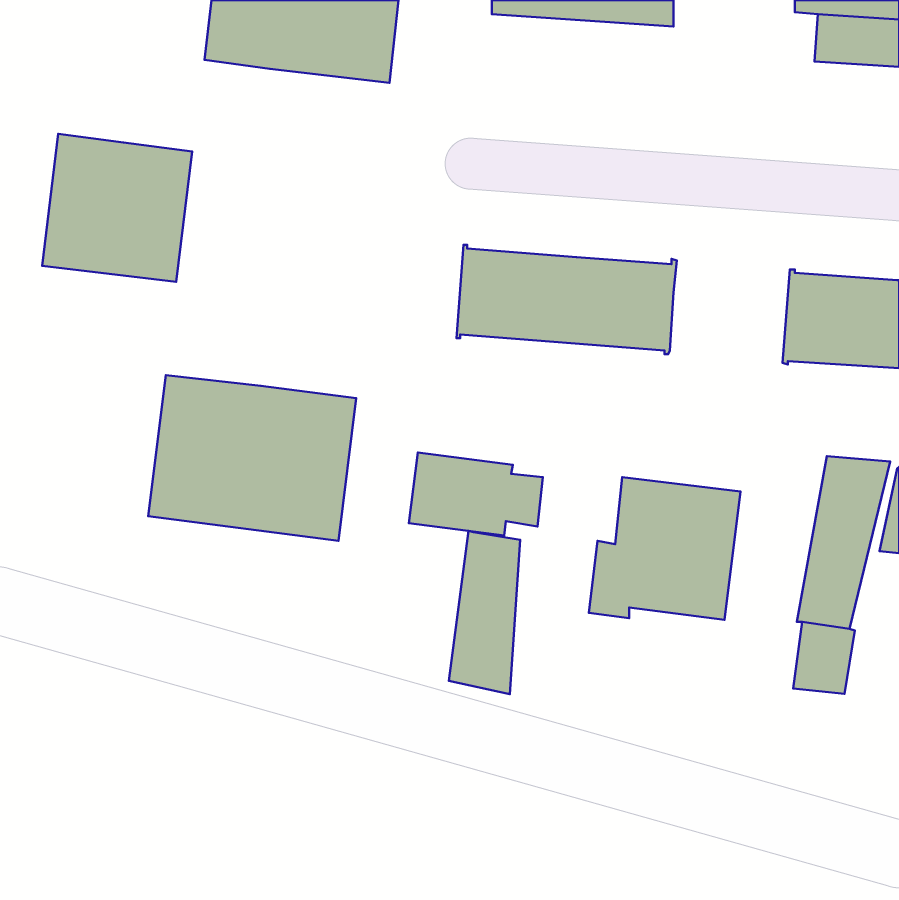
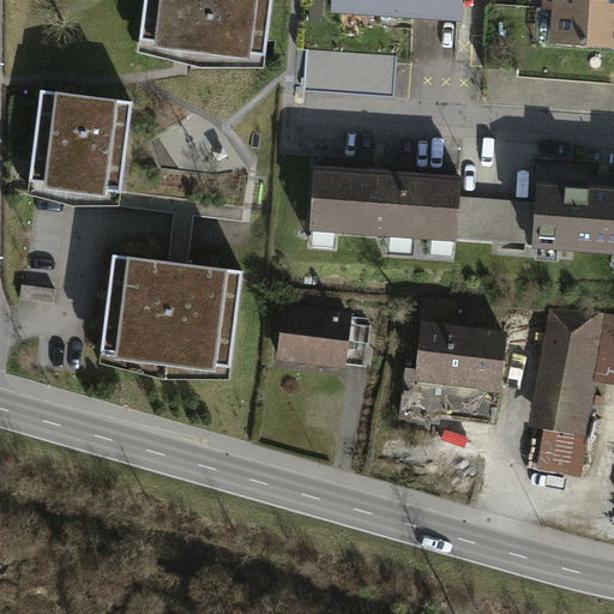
building: none -> [303,52,396,94]
building: none -> [456,199,530,243]
building: [449,531,520,694] -> none

